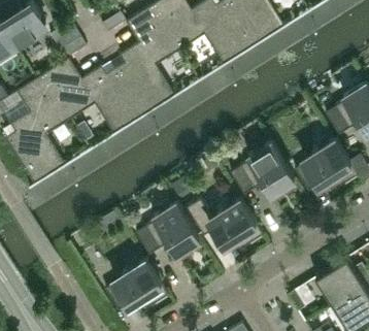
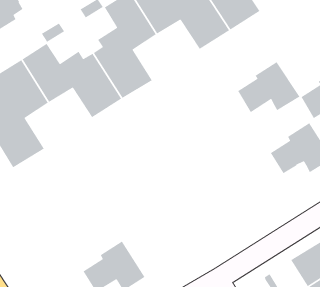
building: [231,142,295,195] -> [237,61,300,113]
building: [187,198,264,250] -> none
building: [136,202,200,255] -> none

